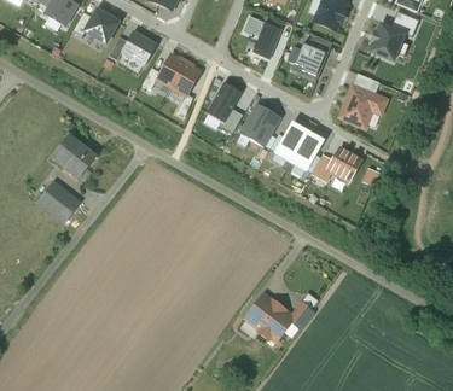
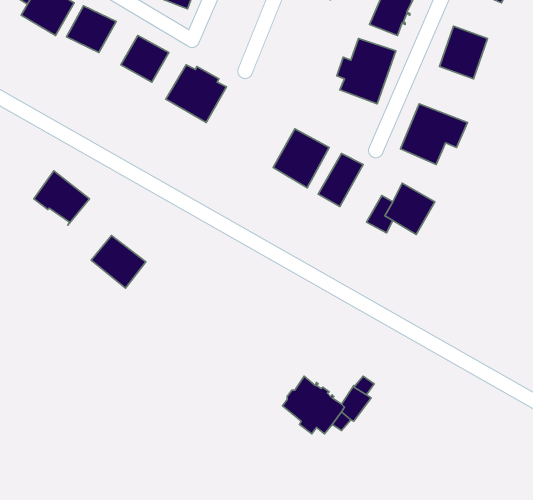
building: [248,19,281,57] -> none
building: [210,81,244,119] -> none
building: [290,129,325,171] -> none
building: [37,181,80,222] -> [91,235,146,288]

